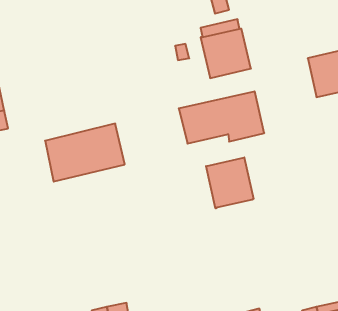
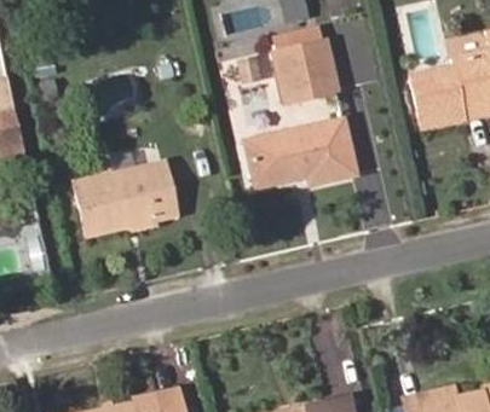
building: [206,157,253,208] -> none

